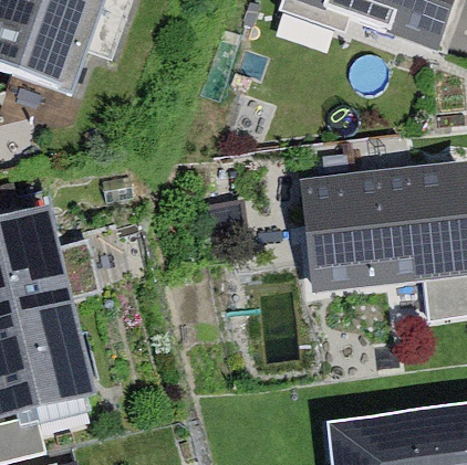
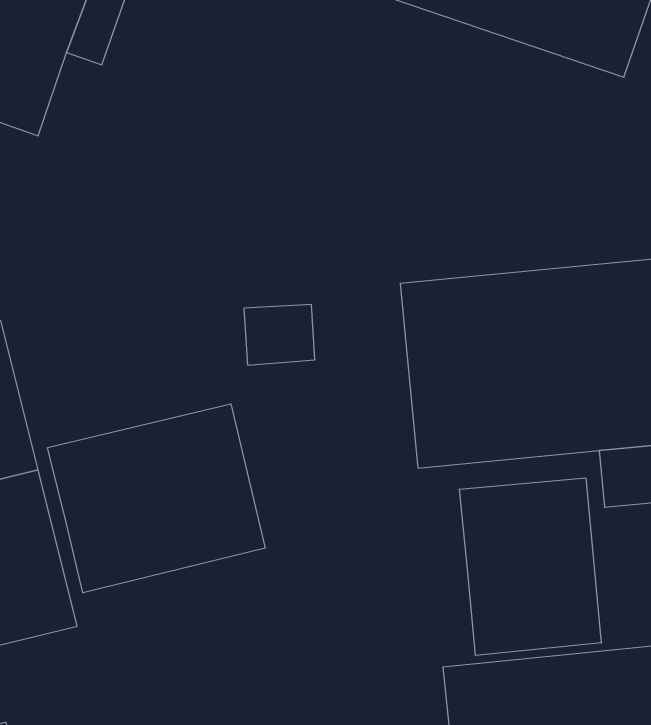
building: none -> [48,404,265,593]
building: none -> [460,478,601,655]

